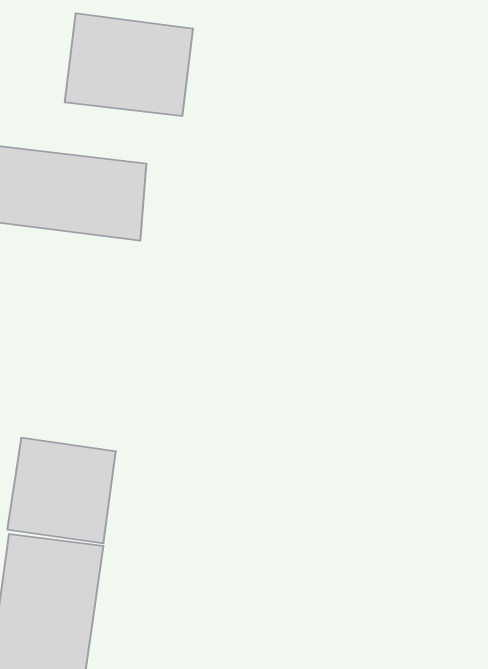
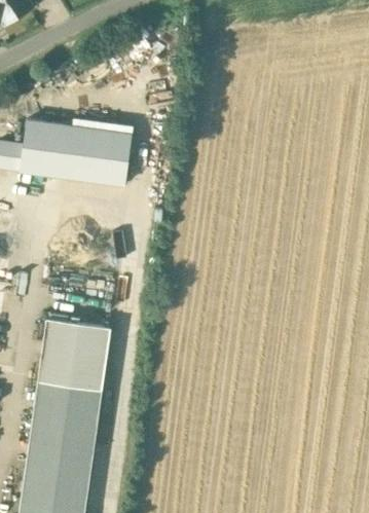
building: [65,13,193,116] -> none

